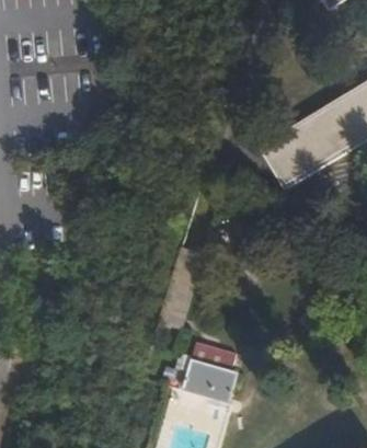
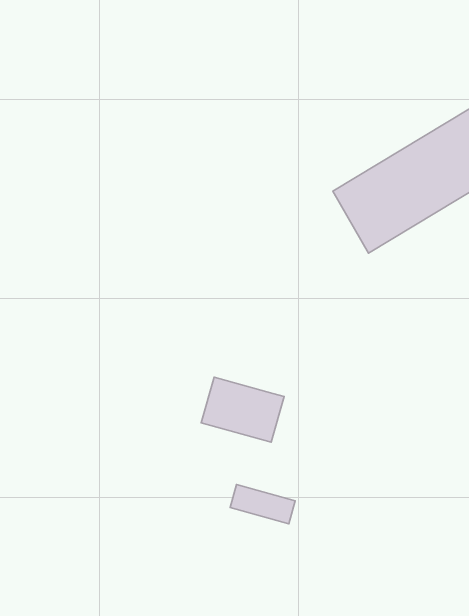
building: [180,359,236,403] -> [201,377,284,442]

